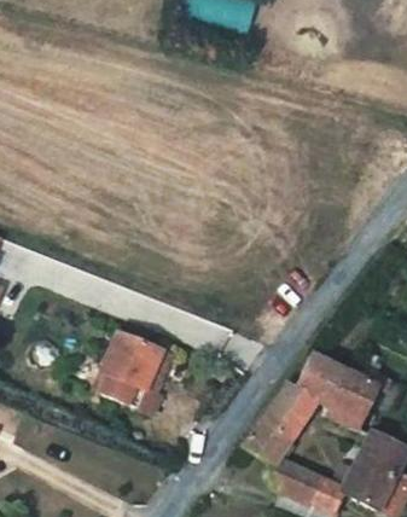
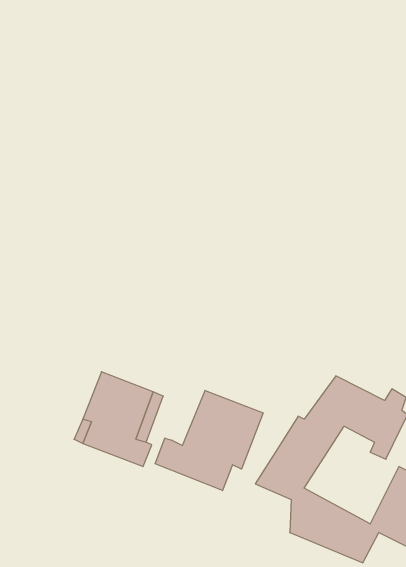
building: none -> [155,390,263,491]

